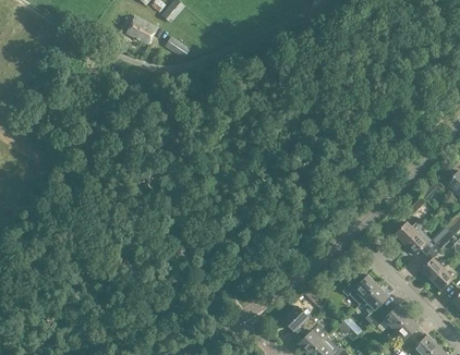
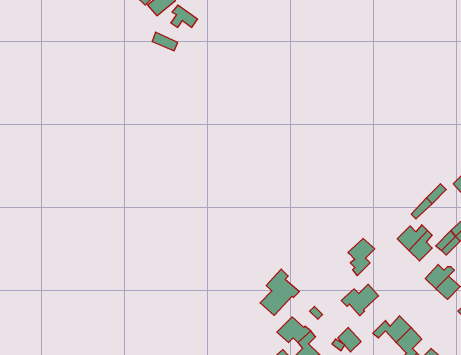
building: [126,16,157,45] -> none
building: none -> [260,269,299,315]
building: [363,286,388,321] -> [348,238,375,276]

